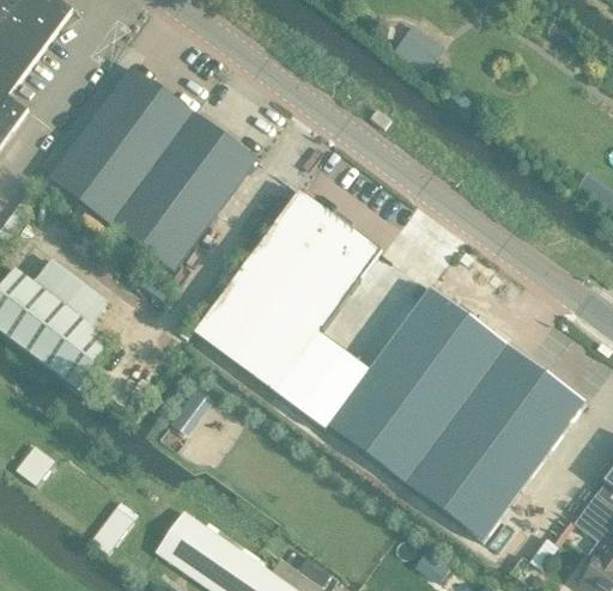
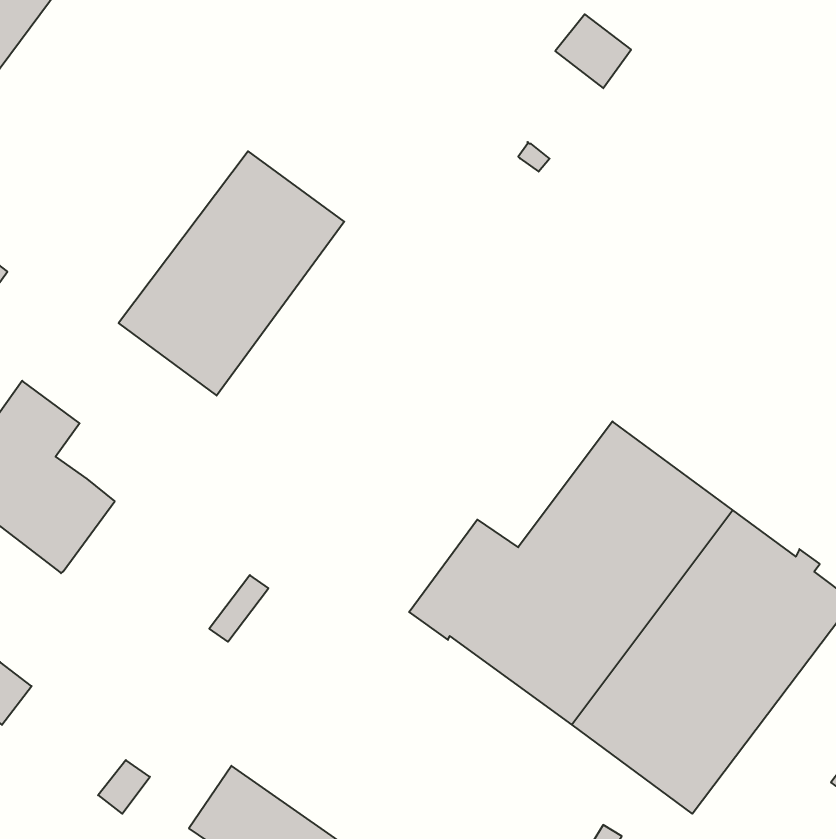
building: [51,67,195,223] -> none
building: [195,190,381,409] -> none

